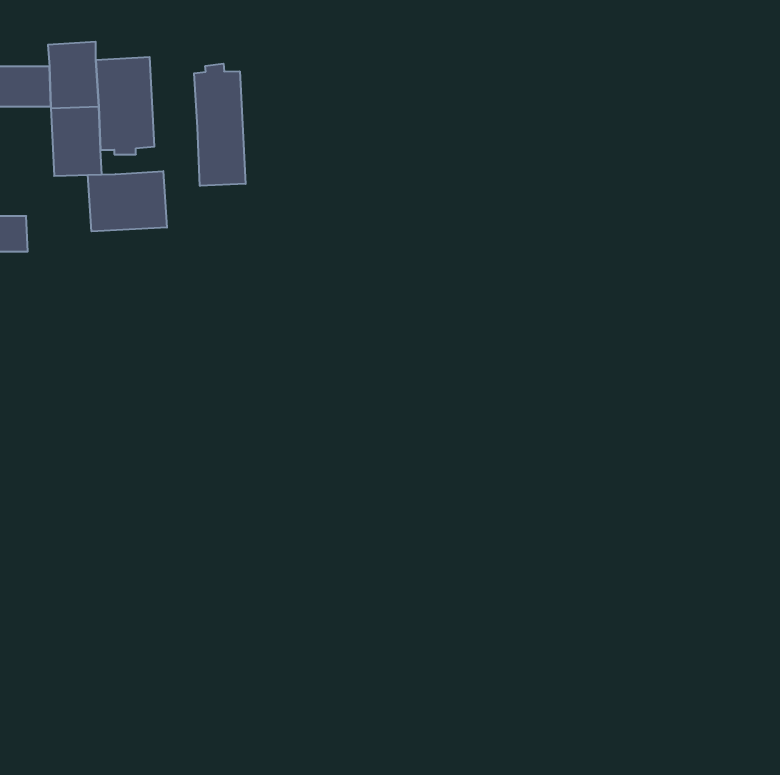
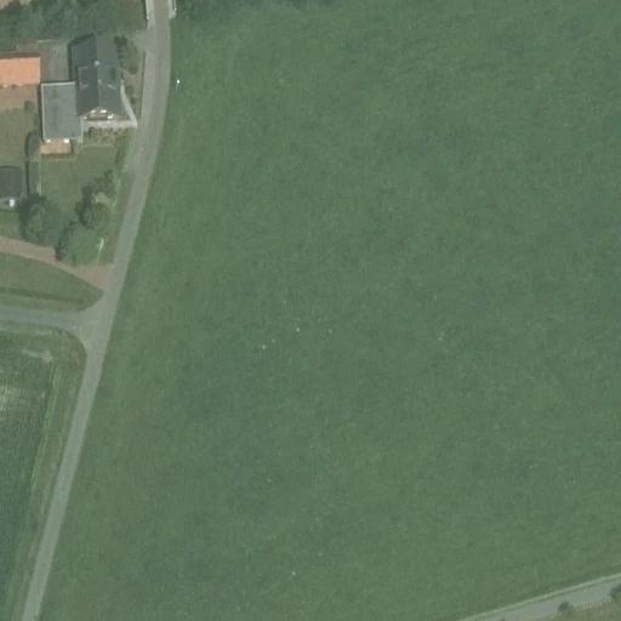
building: [194,64,246,186] -> none
building: [88,171,167,231] -> none

